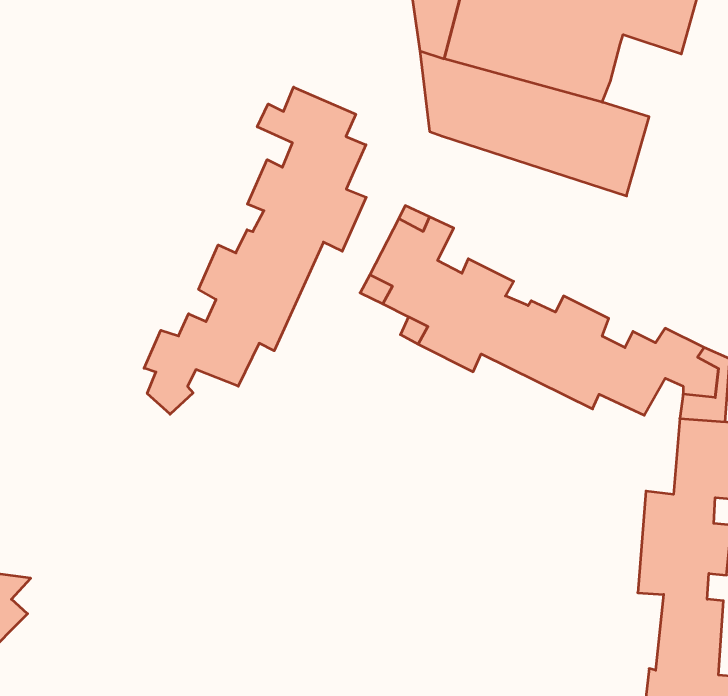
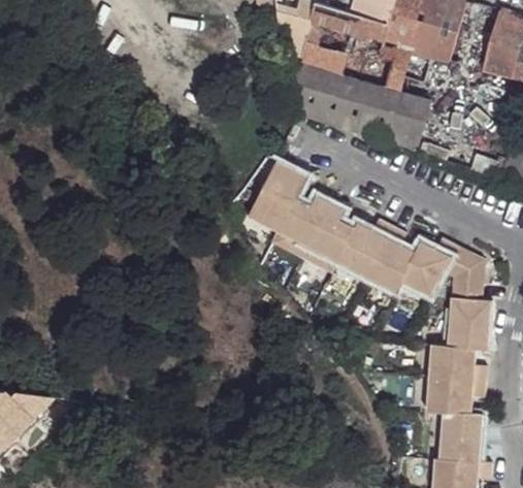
building: [144,87,366,414] -> none

